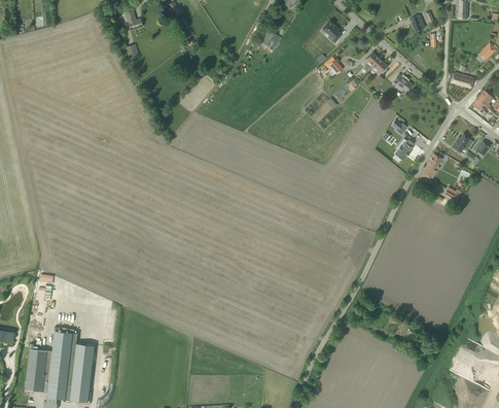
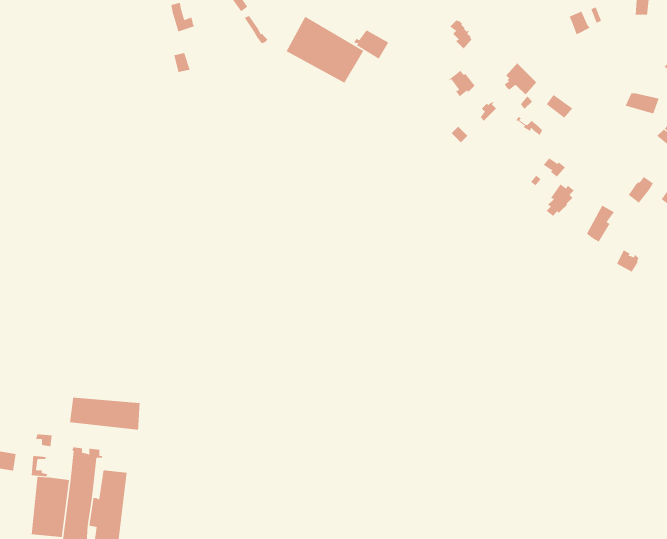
building: none -> [286,16,364,83]
building: none -> [70,397,140,430]

